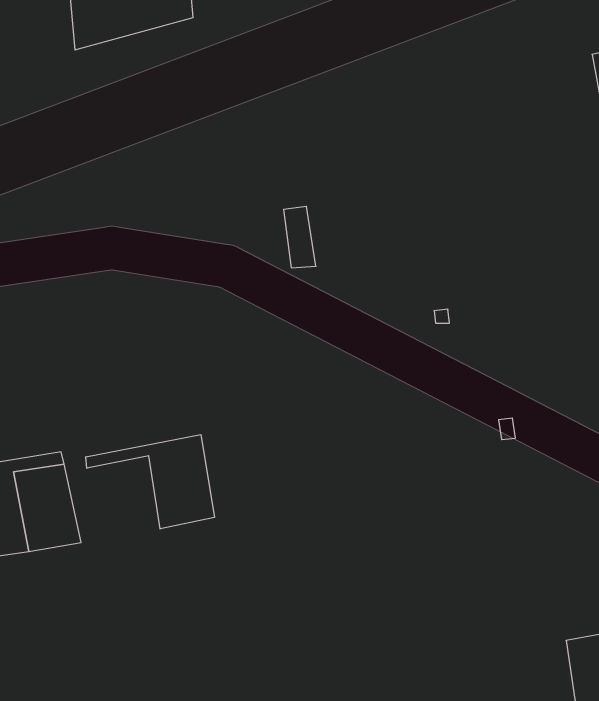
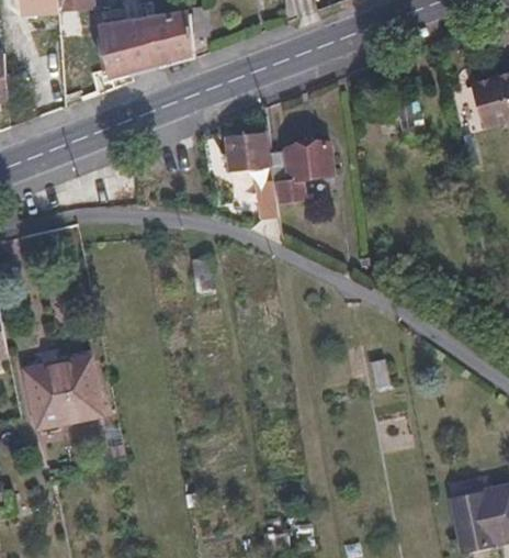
building: none -> [223,132,262,172]
building: none -> [269,141,331,205]
building: [86,435,214,529] -> none

